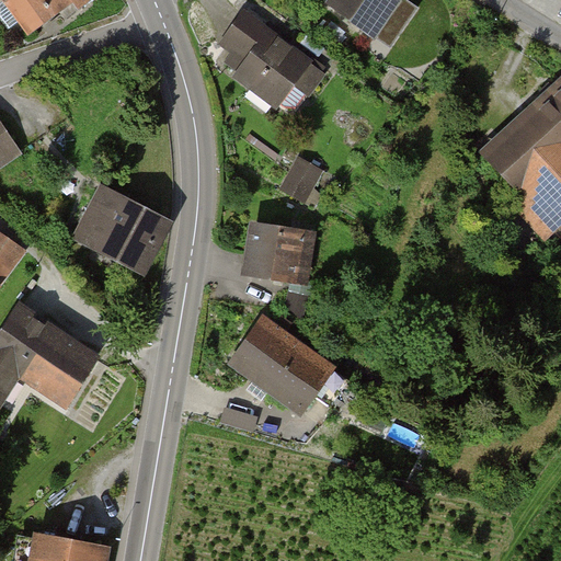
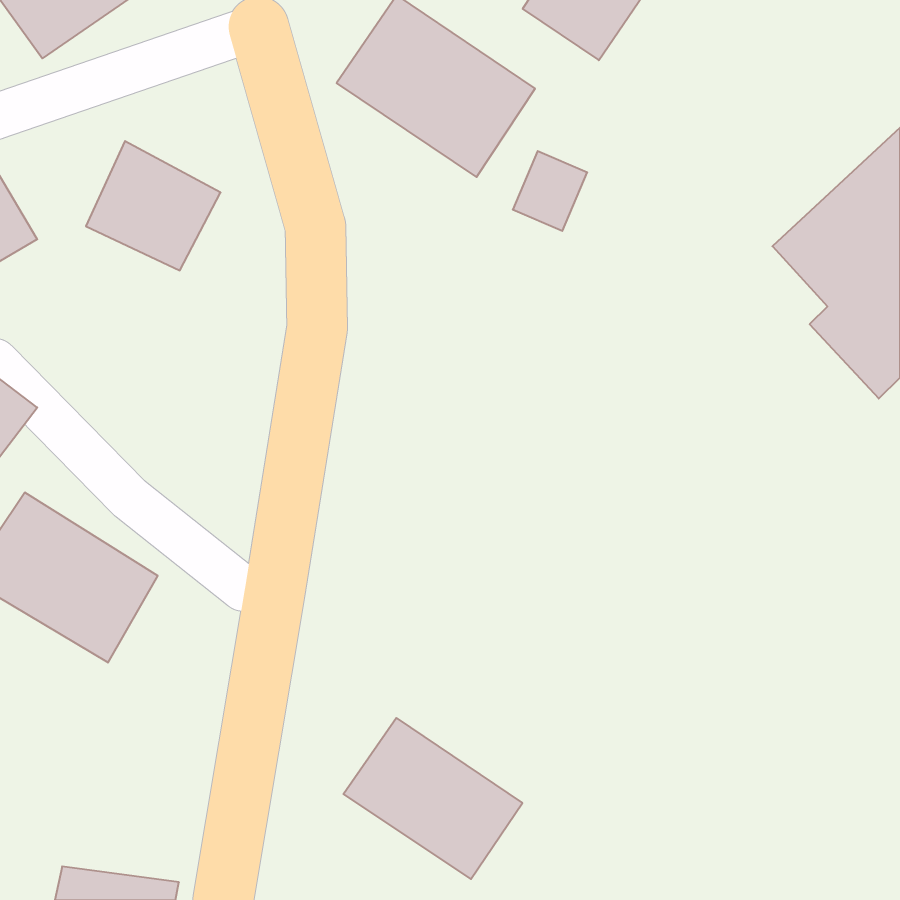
building: [277,148,323,197] -> [513,151,587,231]
building: [85,195,169,275] -> [86,141,221,270]
building: [242,217,320,284] -> none
building: [228,317,339,416] -> [343,718,522,879]

